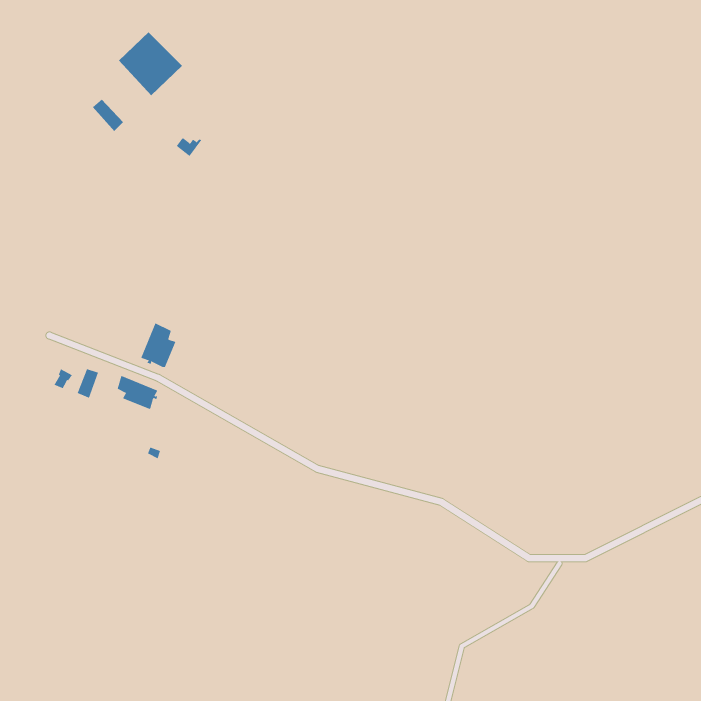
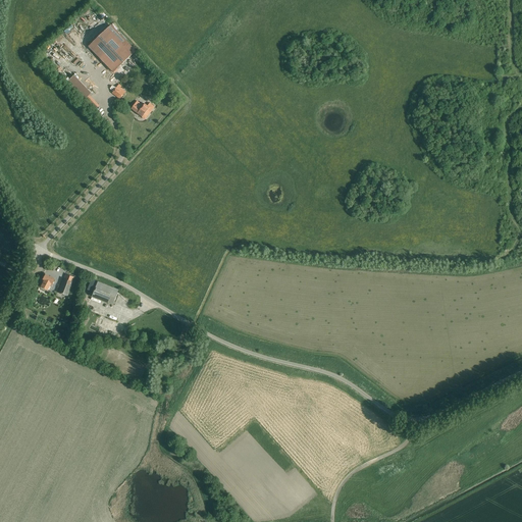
building: [140,322,176,368] -> none

